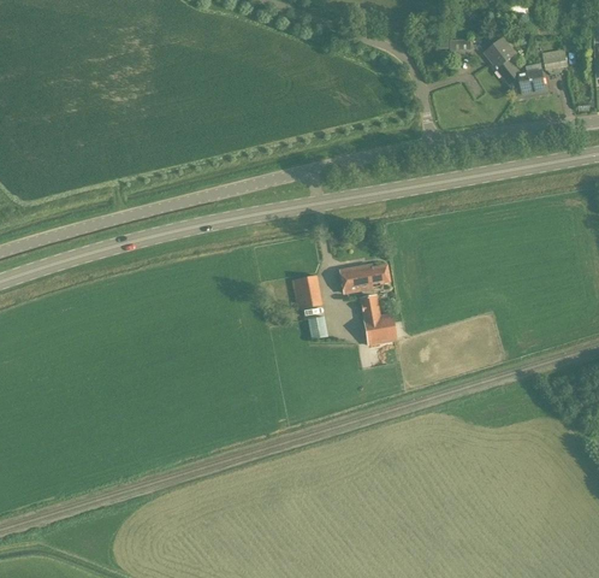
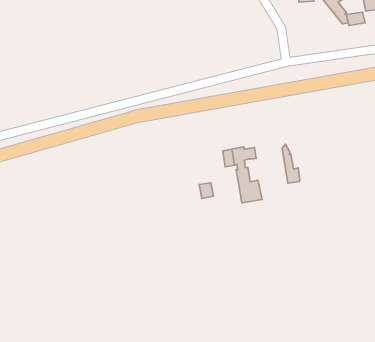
building: none -> [282,144,300,183]
building: [291,275,322,309] -> none

